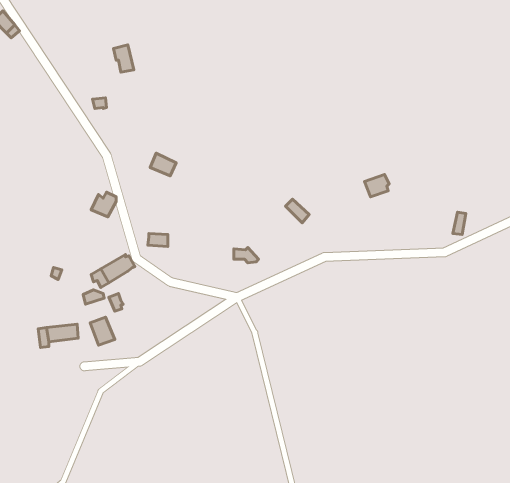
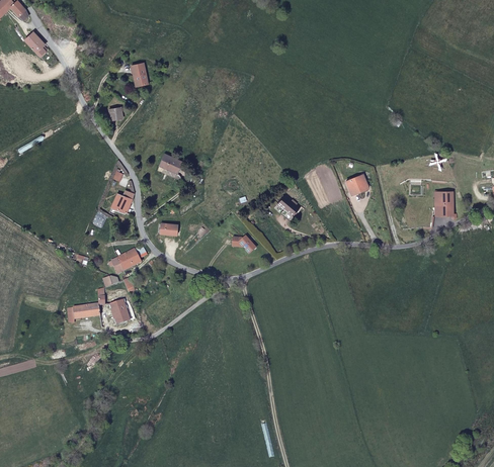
building: none -> [434,191,452,216]

